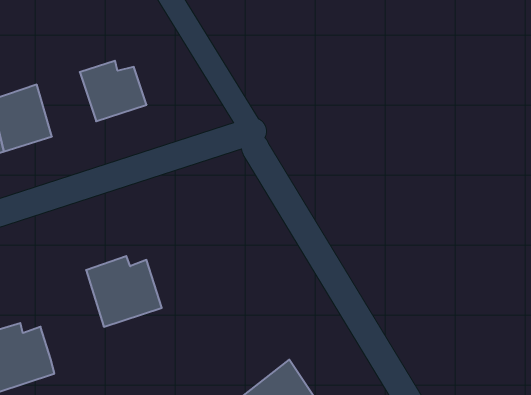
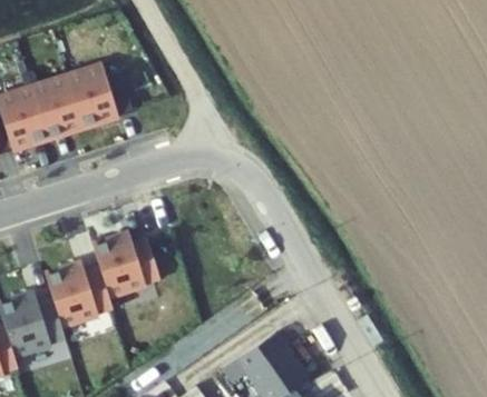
building: none -> [47,76,99,132]
building: none -> [43,268,109,329]

